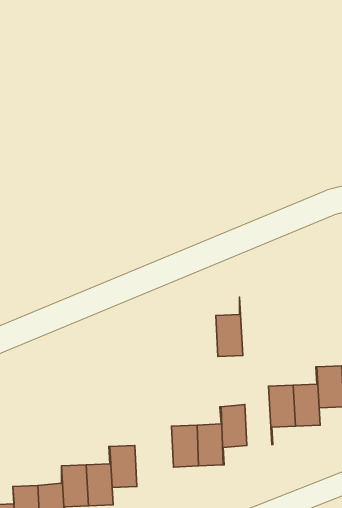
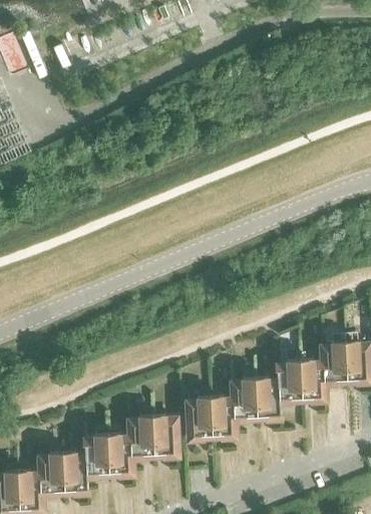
building: [216,297,243,357] -> [254,361,279,417]
building: none -> [151,416,176,455]

